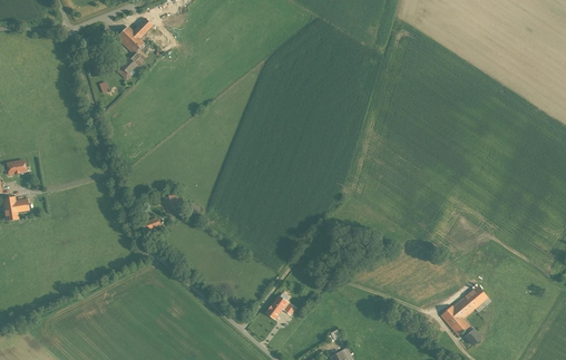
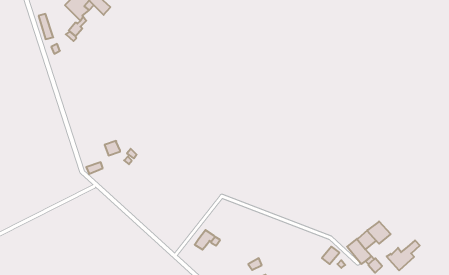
building: none -> [387,240,420,270]

